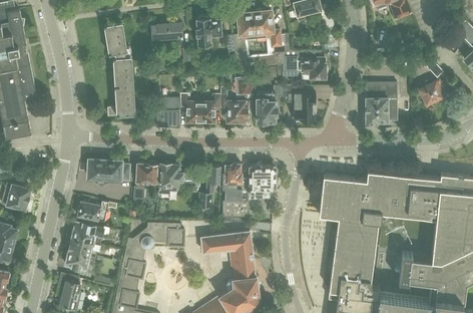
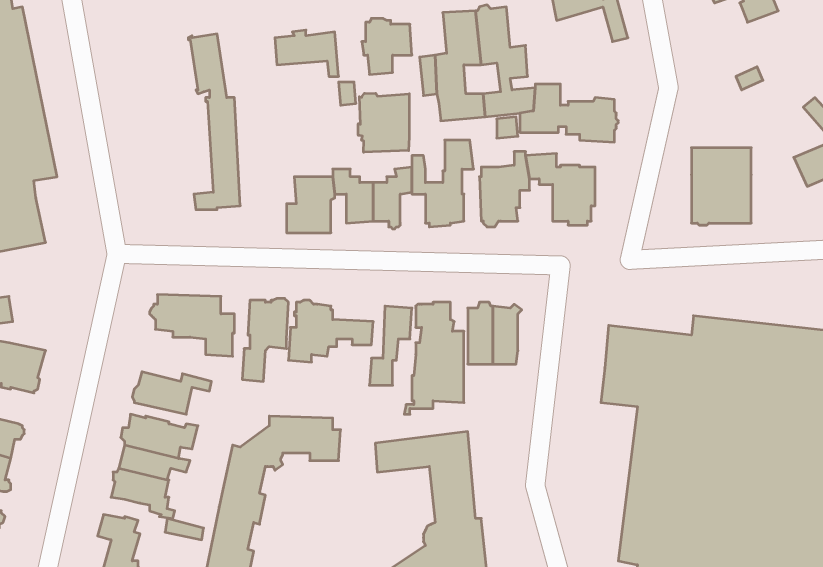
building: none -> [358,93,409,152]

